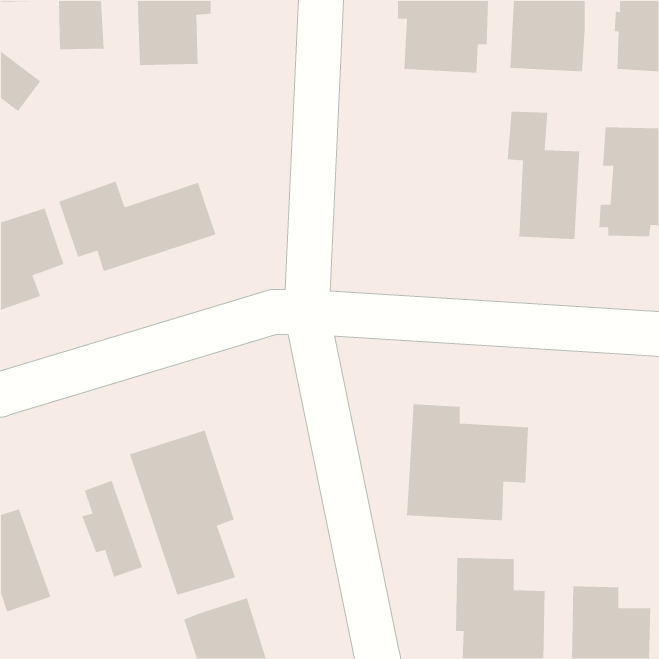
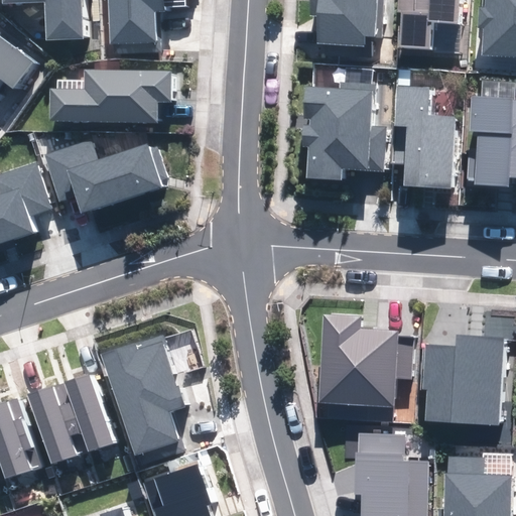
building: none -> [50,71,170,122]
building: none -> [301,84,385,179]
building: none -> [423,336,502,424]
building: none -> [27,387,75,464]

